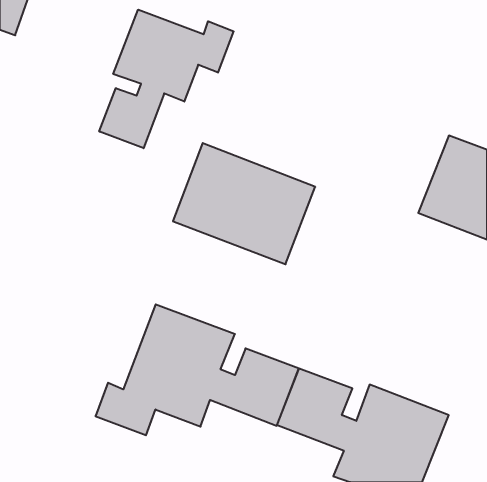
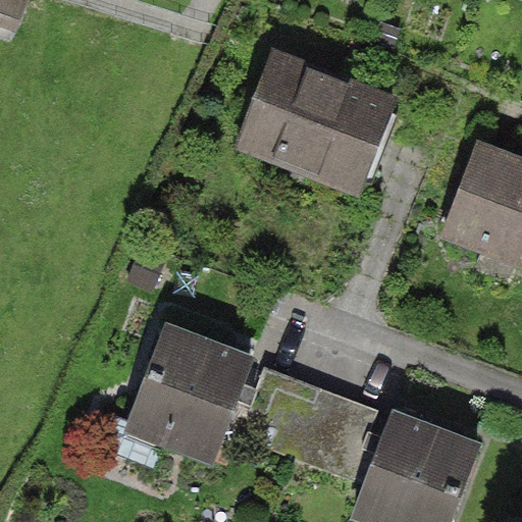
building: [99,10,234,148] -> none
building: [173,143,315,264] -> [242,55,394,185]

